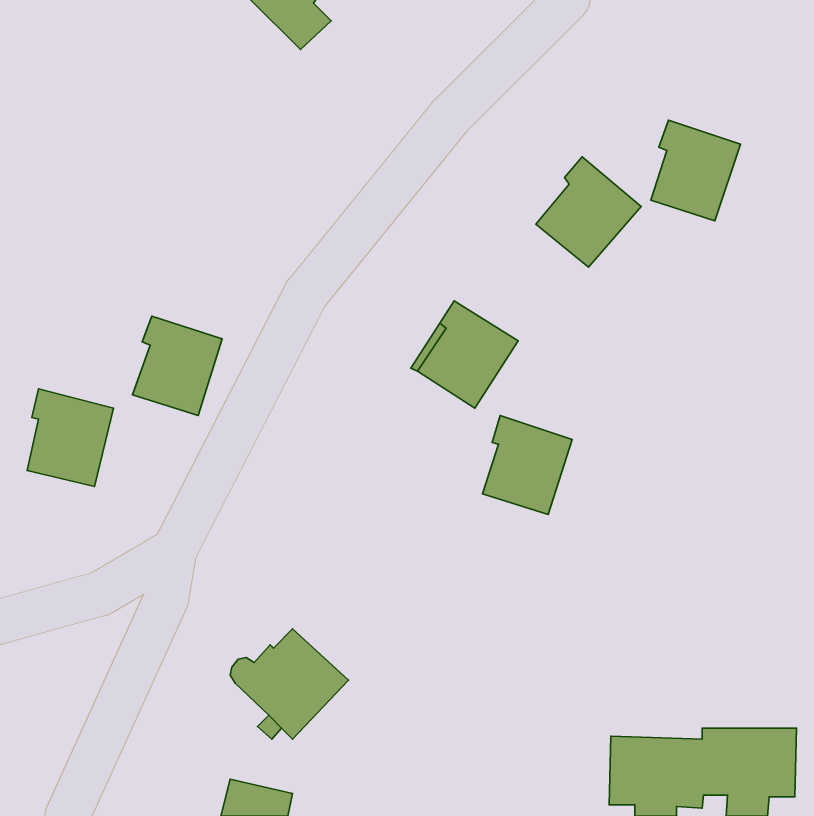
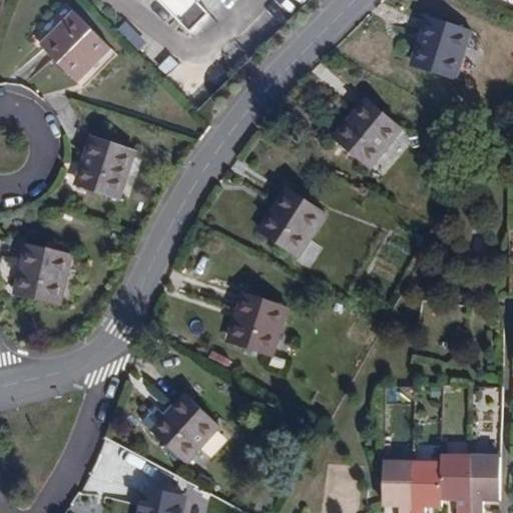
building: none -> [39,11,110,82]
building: [651,120,740,221] -> [415,16,471,79]
building: [132,316,222,415] -> [78,136,134,198]
building: [483,415,572,515] -> [230,293,287,355]

